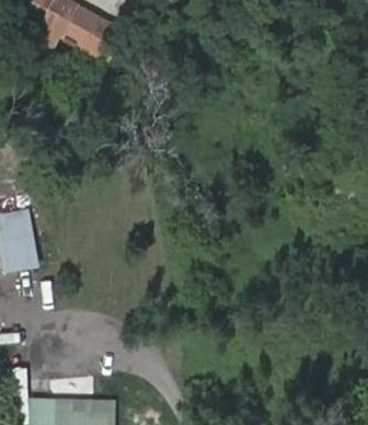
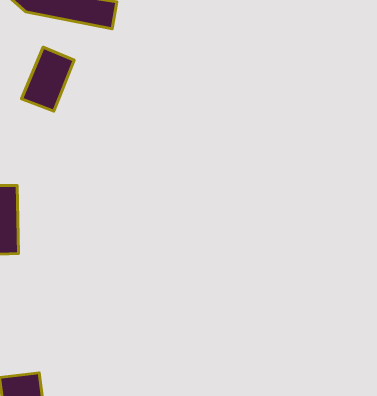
building: none -> [21,47,74,111]

